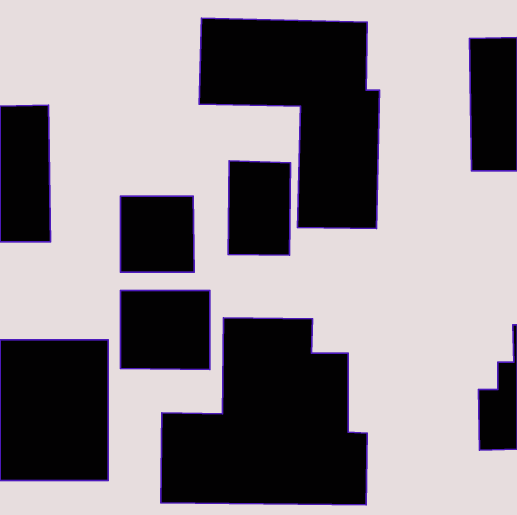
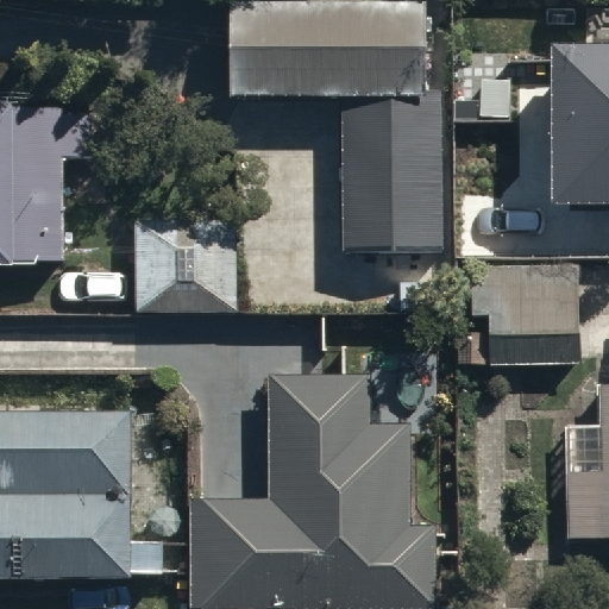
building: [228,161,290,255] -> none
building: none -> [447,259,582,364]
building: [120,290,210,369] -> none

